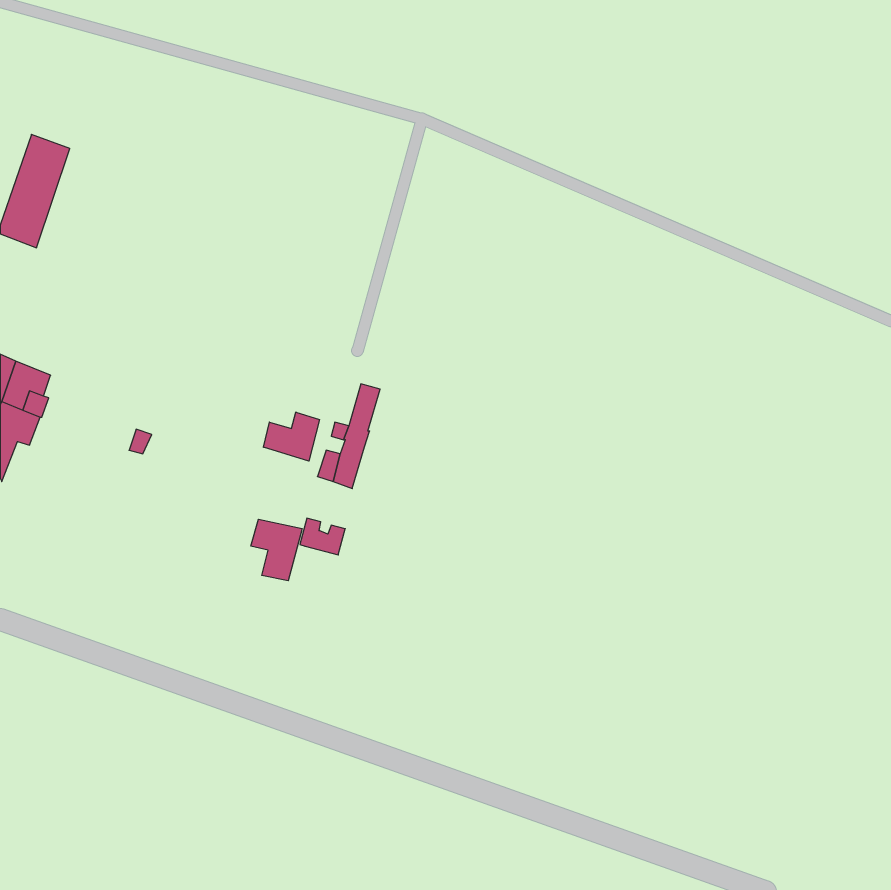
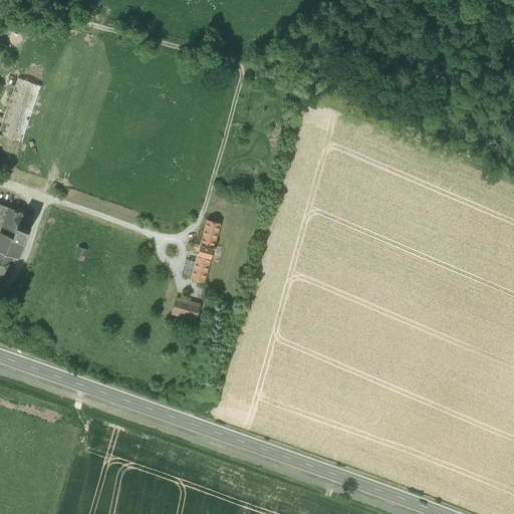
building: [263,412,319,461] -> none
building: [251,519,302,581] -> none

